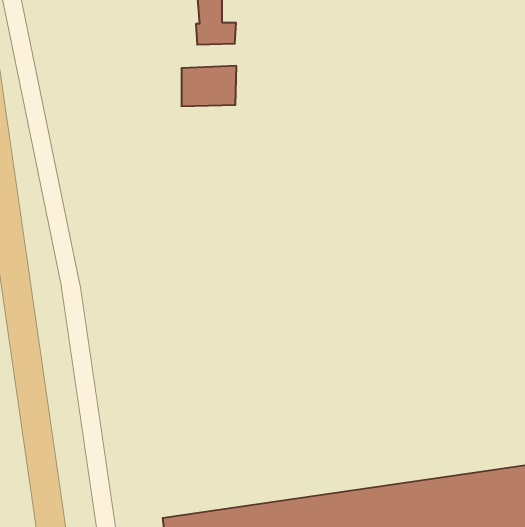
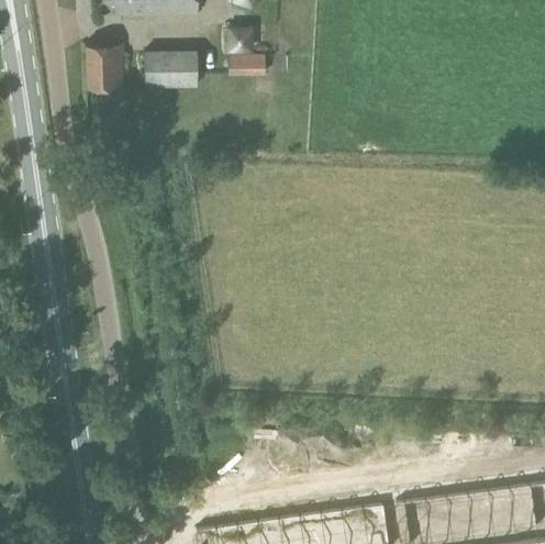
building: none -> [88,45,124,90]
building: [181,66,236,106] -> [146,51,199,89]

